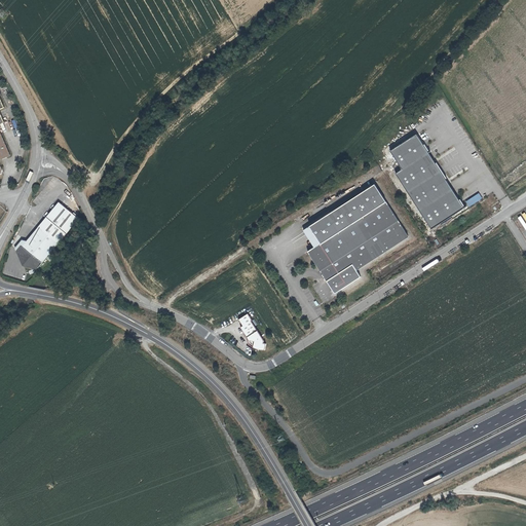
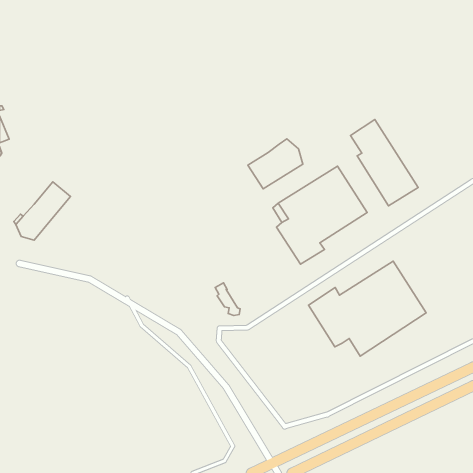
building: none -> [248,139,303,189]
building: none -> [309,261,426,356]

